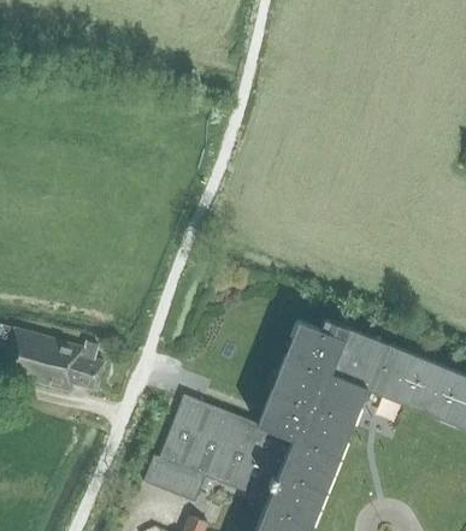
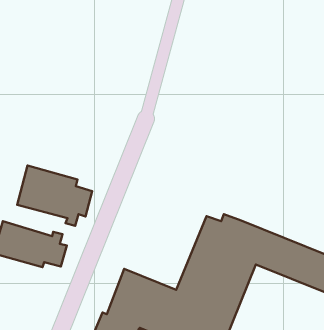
building: none -> [17,166,92,226]

